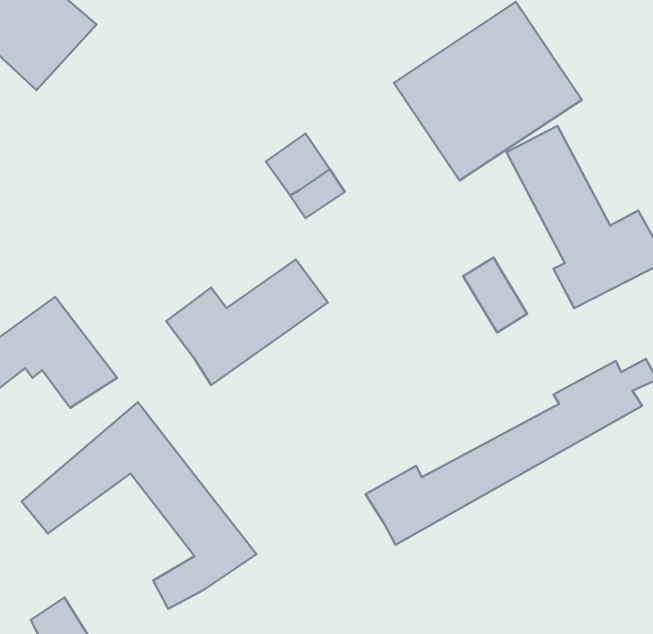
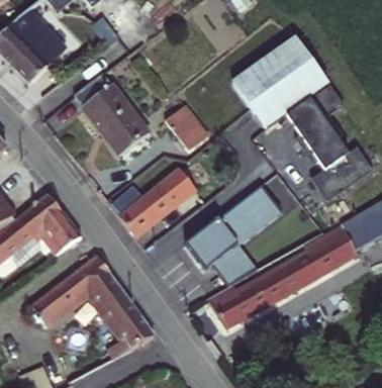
building: none -> [75,67,151,150]
building: none -> [180,185,280,292]

